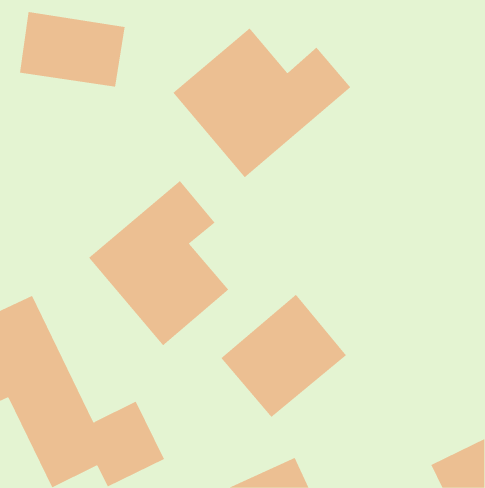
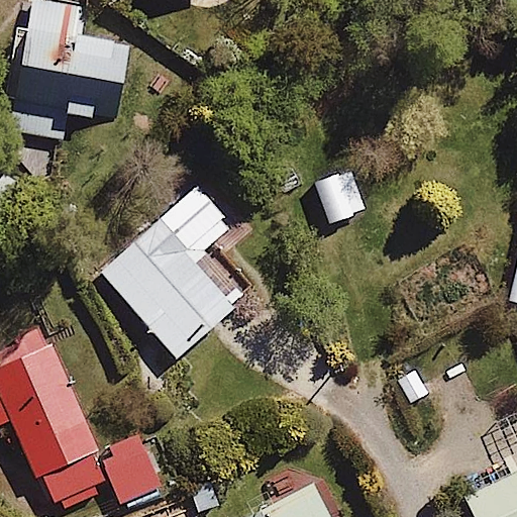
building: [172,27,351,178] -> none
building: [221,294,347,418] -> none

